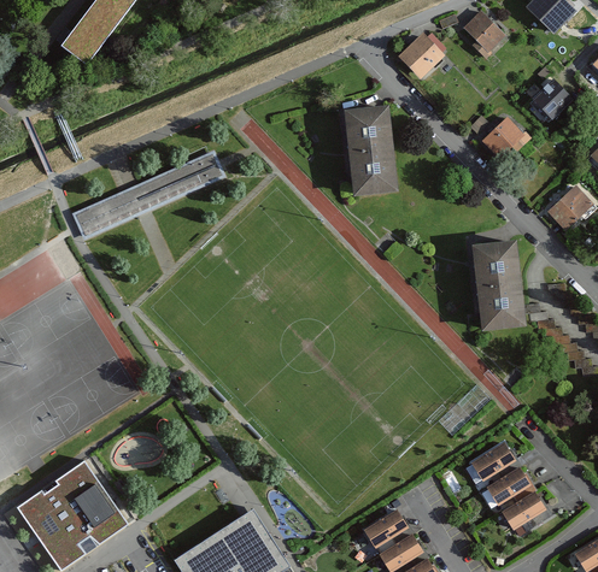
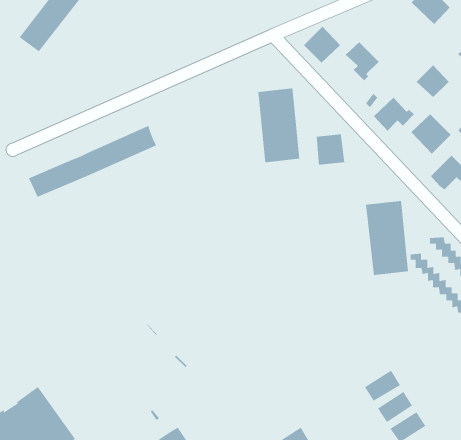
building: [463,12,504,59] -> [345,42,379,81]
building: none -> [411,114,451,155]
building: none -> [316,134,345,166]

